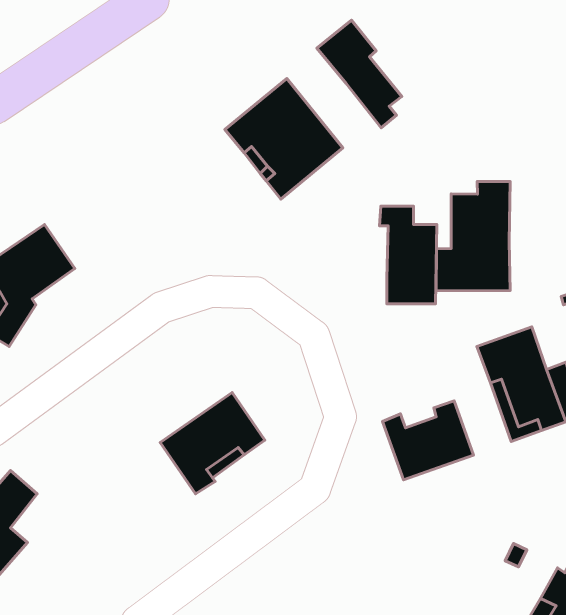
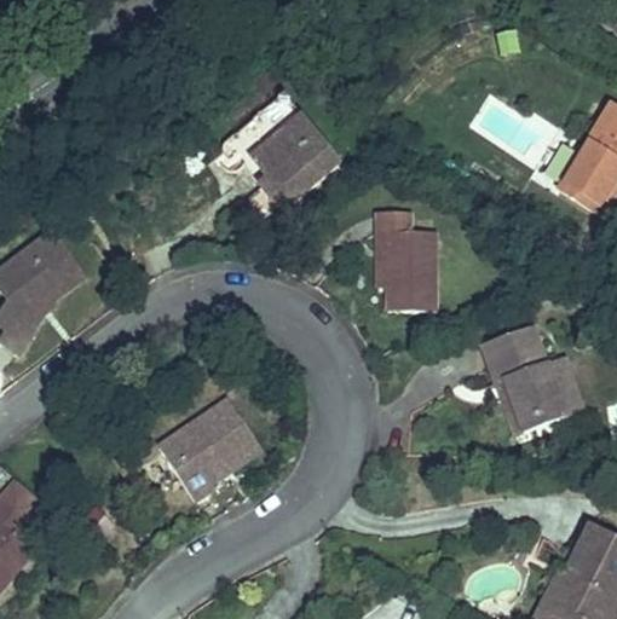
building: [317,20,402,128] -> none
building: [436,181,510,291] -> none
building: [382,401,473,480] -> none

